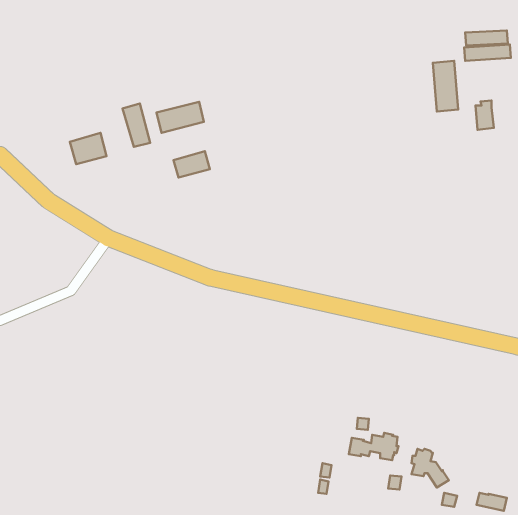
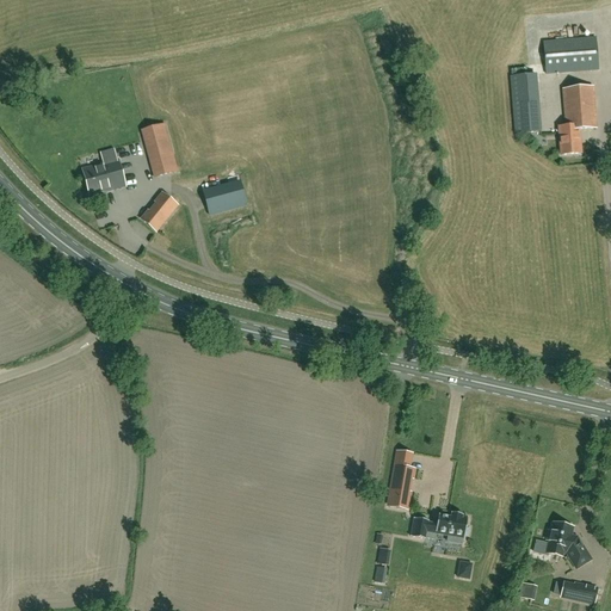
building: none -> [563,85,597,126]
building: [157,102,204,133] -> none
building: none -> [141,191,178,229]
building: none -> [389,449,414,507]
building: [411,449,449,487] -> [547,520,591,566]

